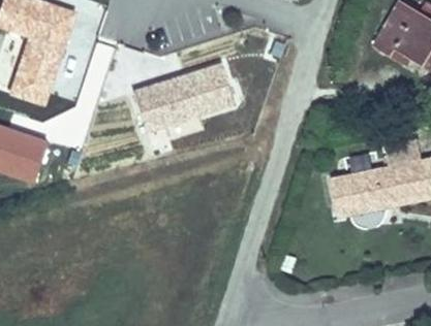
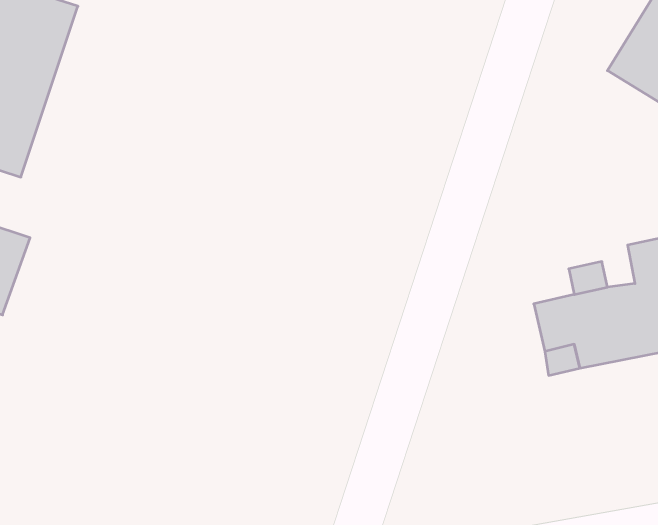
building: [134,61,236,131] -> none

